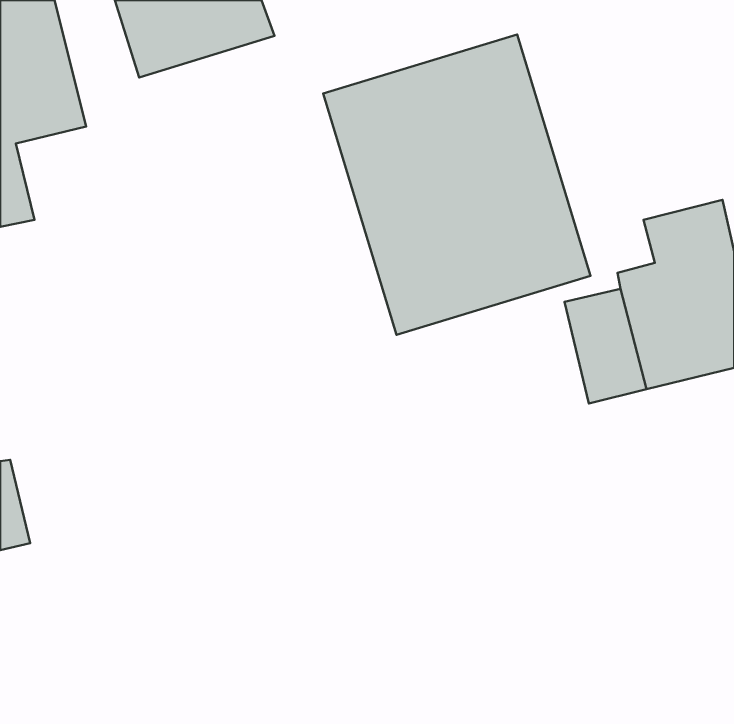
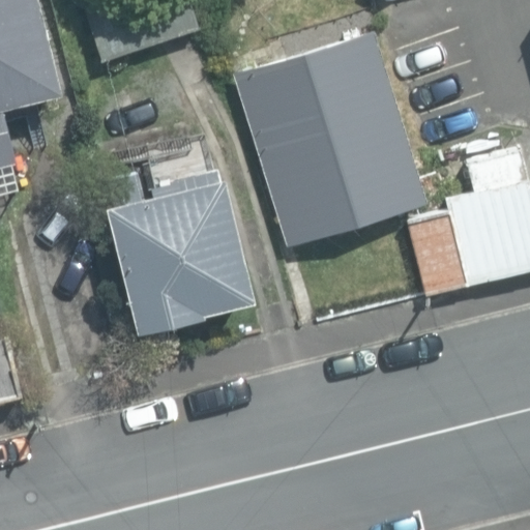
building: none -> [107,169,252,334]

